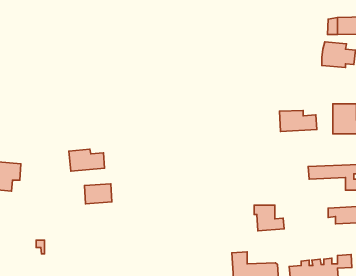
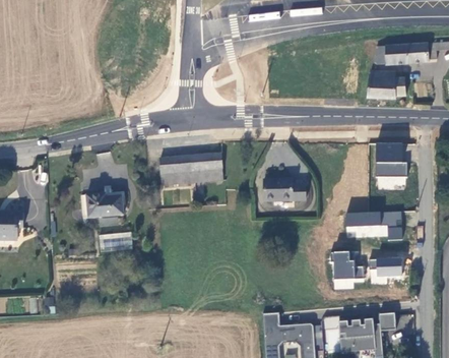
building: [280,110,317,131] -> [261,181,303,204]
building: none -> [161,153,222,185]
building: [254,205,284,231] -> [333,252,367,281]

